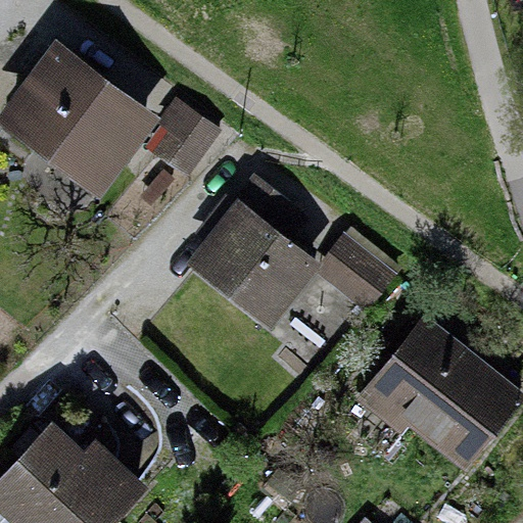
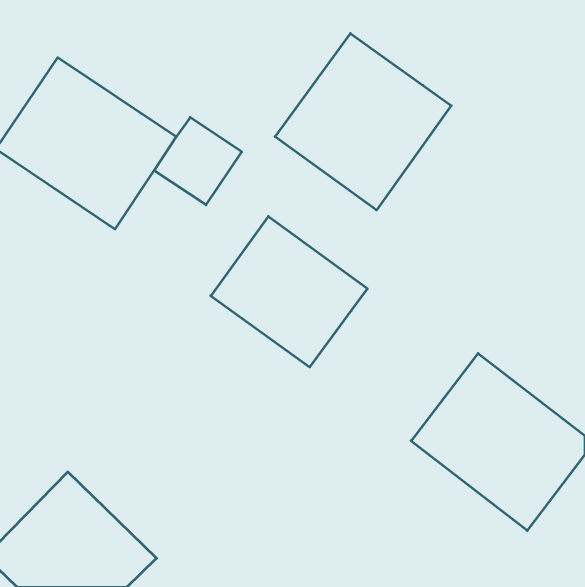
building: none -> [275,33,451,210]
building: [312,235,393,314] -> none

